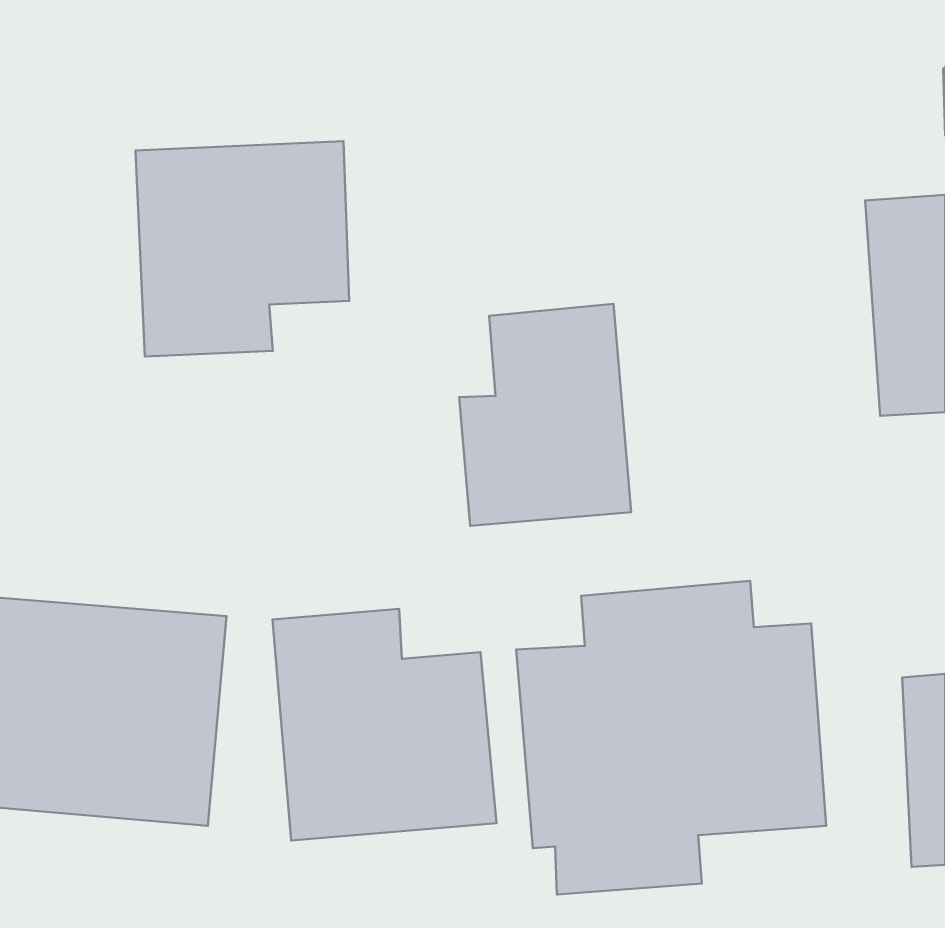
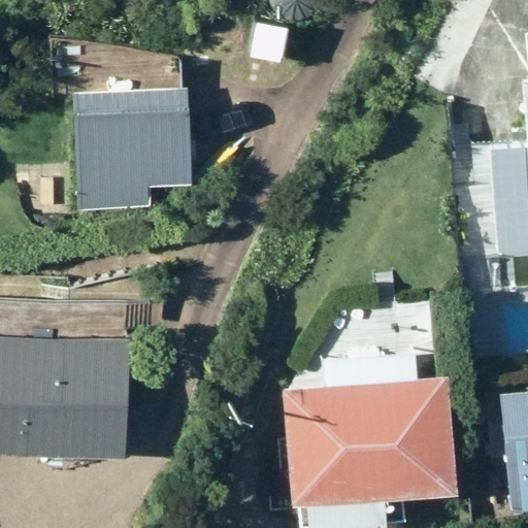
building: [459,304,631,526] -> none
building: [273,609,496,840] -> none

